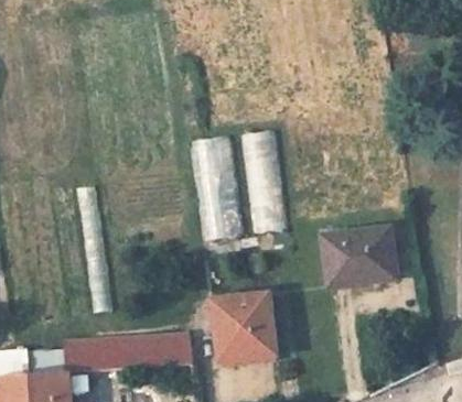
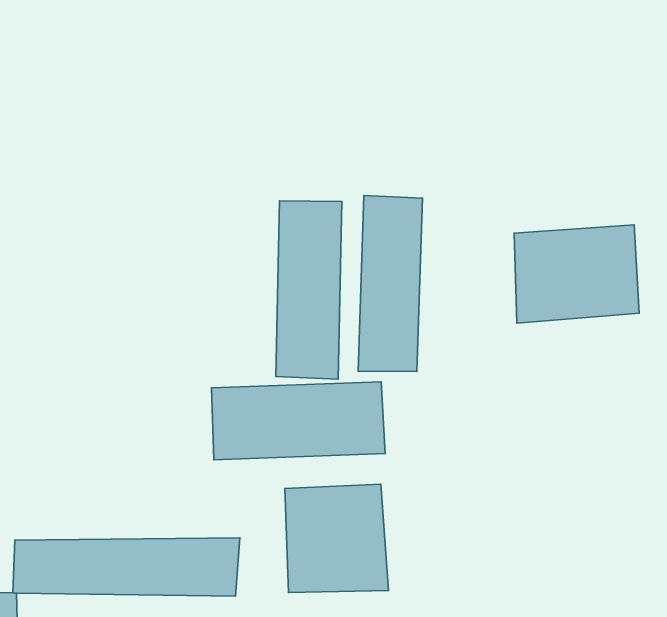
building: [316,214,390,274] -> [514,225,639,323]
building: none -> [212,382,385,460]

